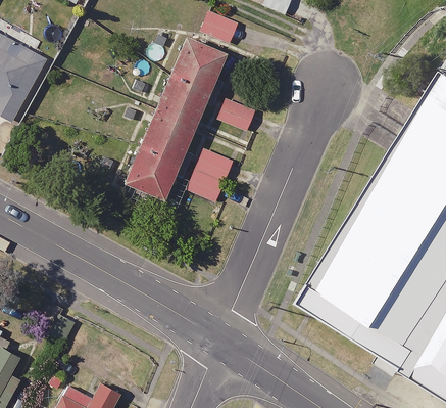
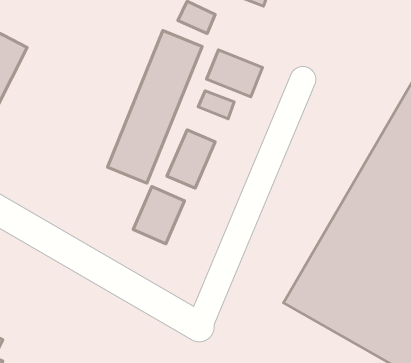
building: none -> [207,50,263,97]
building: none -> [133,186,185,244]

